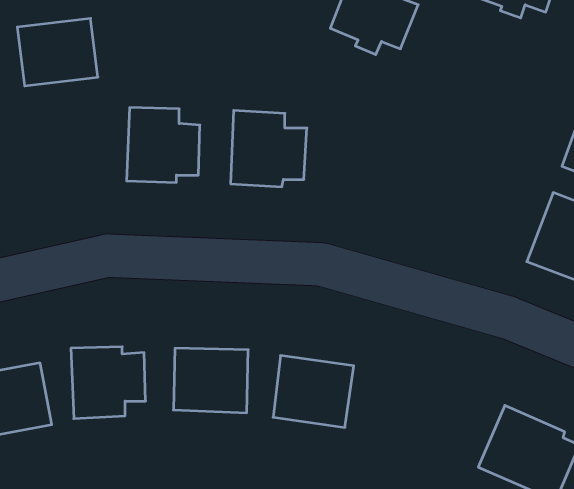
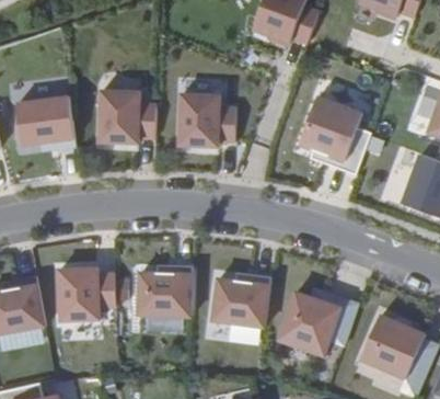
building: [17,18,98,86] -> [14,95,74,146]
building: none -> [304,95,364,159]
building: none -> [280,290,343,356]

